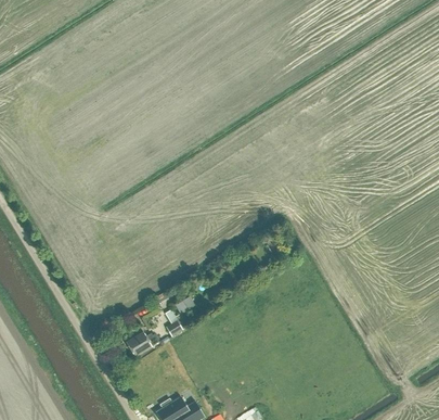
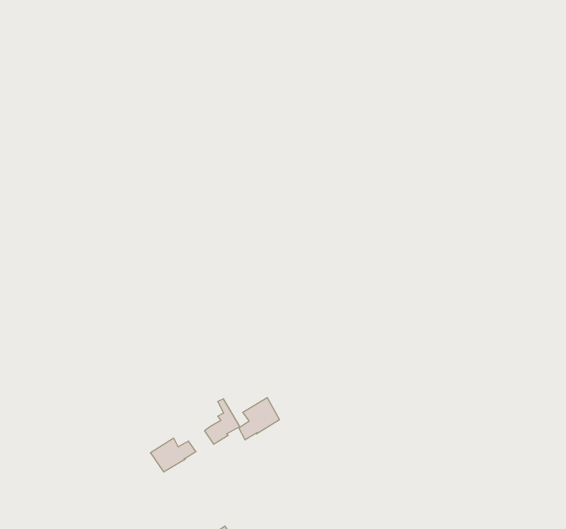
building: none -> [239,398,279,440]

